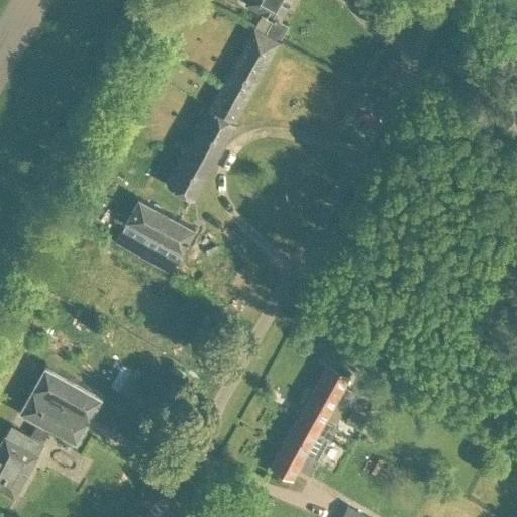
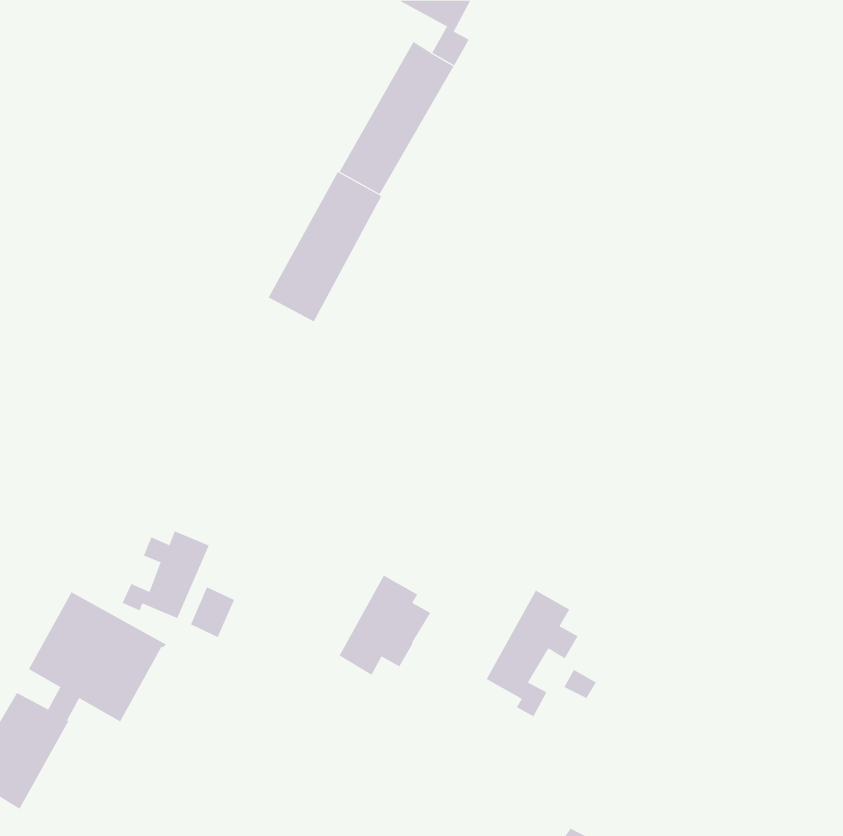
building: [113,200,194,276] -> none
building: none -> [122,530,210,619]
building: [270,420,326,482] -> [339,575,431,675]

